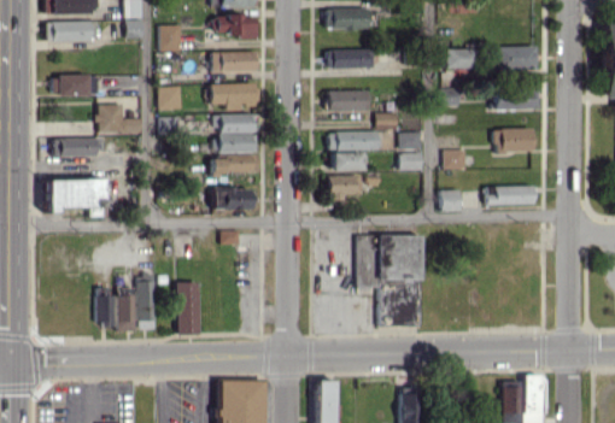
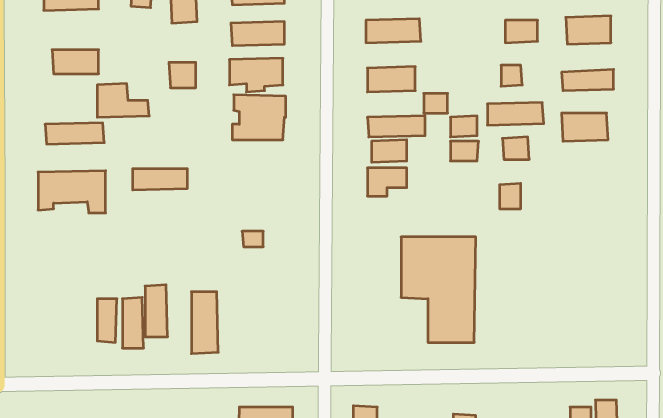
building: [212,155,259,174] -> [133,169,187,190]
building: [487,186,535,205] -> [487,103,544,125]
building: [215,187,254,210] -> none

